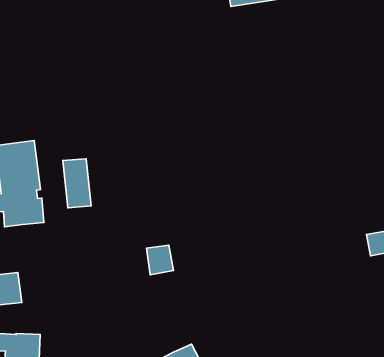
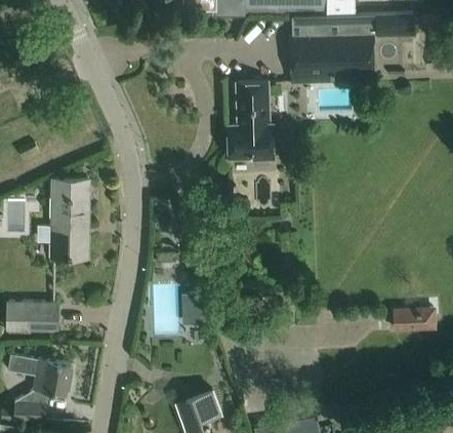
building: none -> [228,82,274,160]
building: [63,159,91,208] -> none

